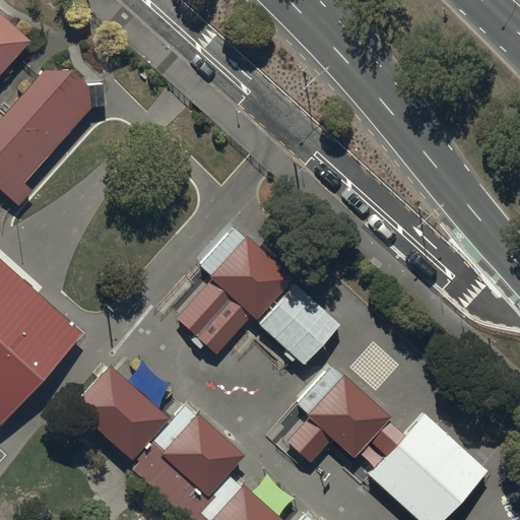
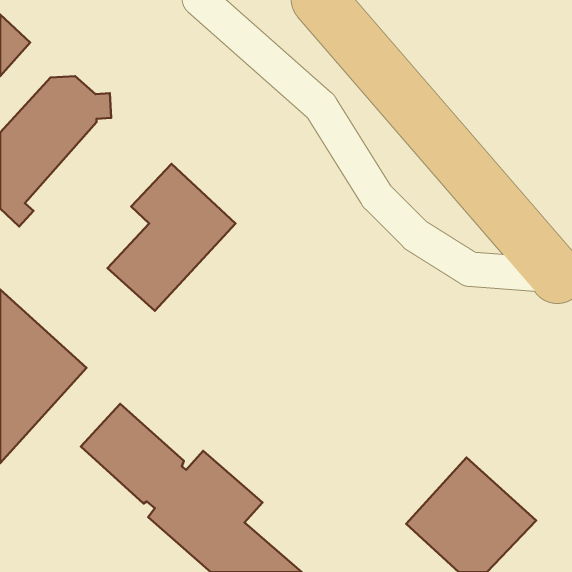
building: [176,224,291,358] -> [108,164,235,311]
building: [260,284,342,366] -> none
building: [287,368,402,467] -> none

